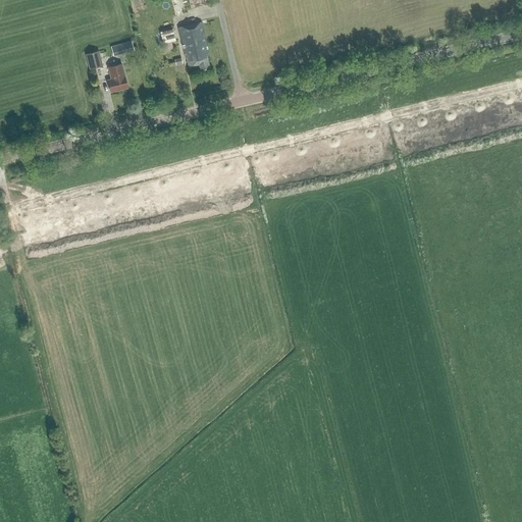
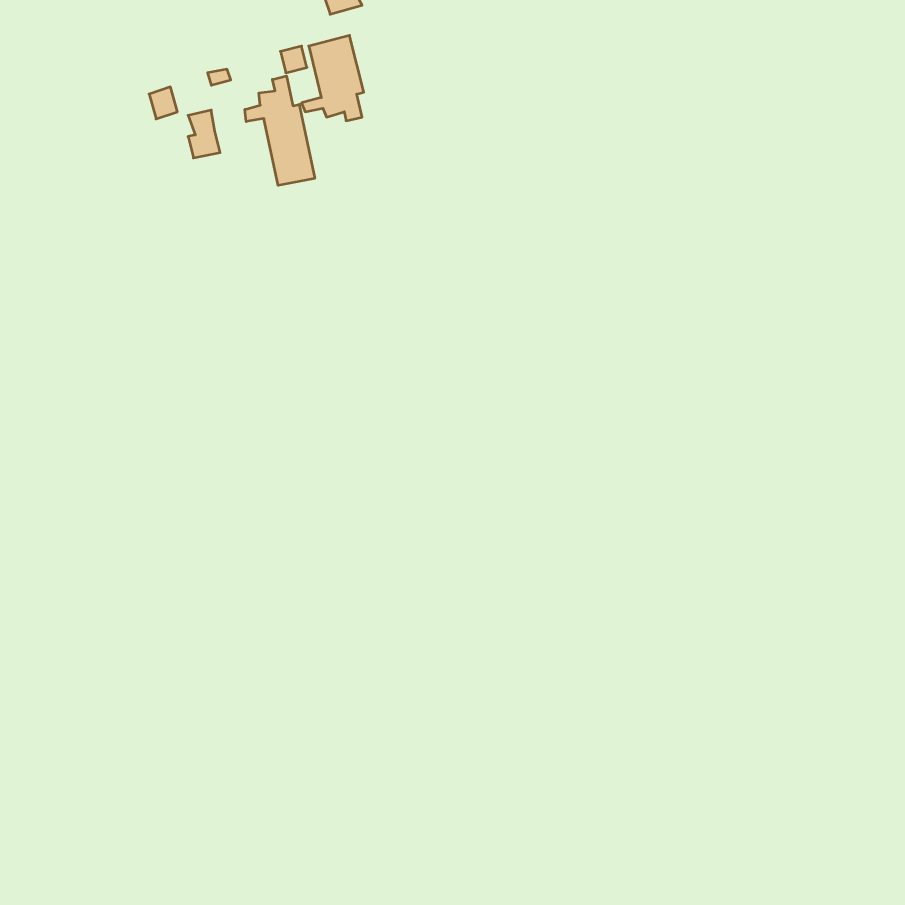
building: none -> [245,76,315,185]

